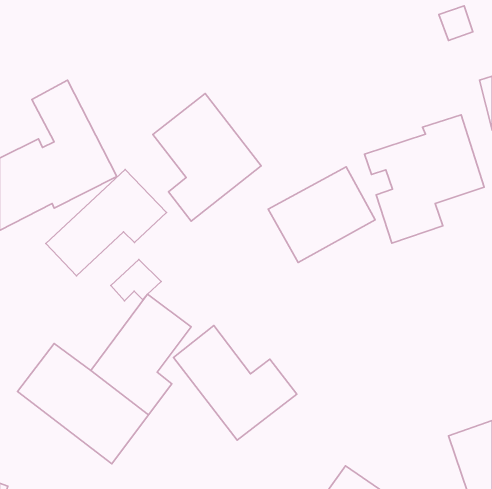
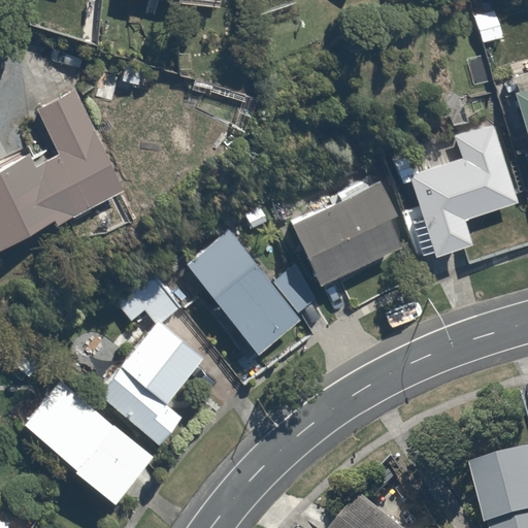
building: [153,94,261,221] -> none
building: [46,170,167,276] -> none
building: [173,326,297,440] -> [188,229,320,352]

